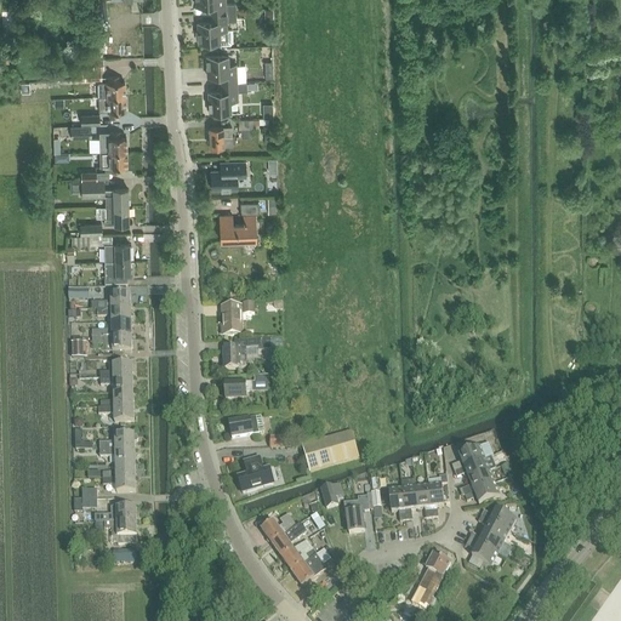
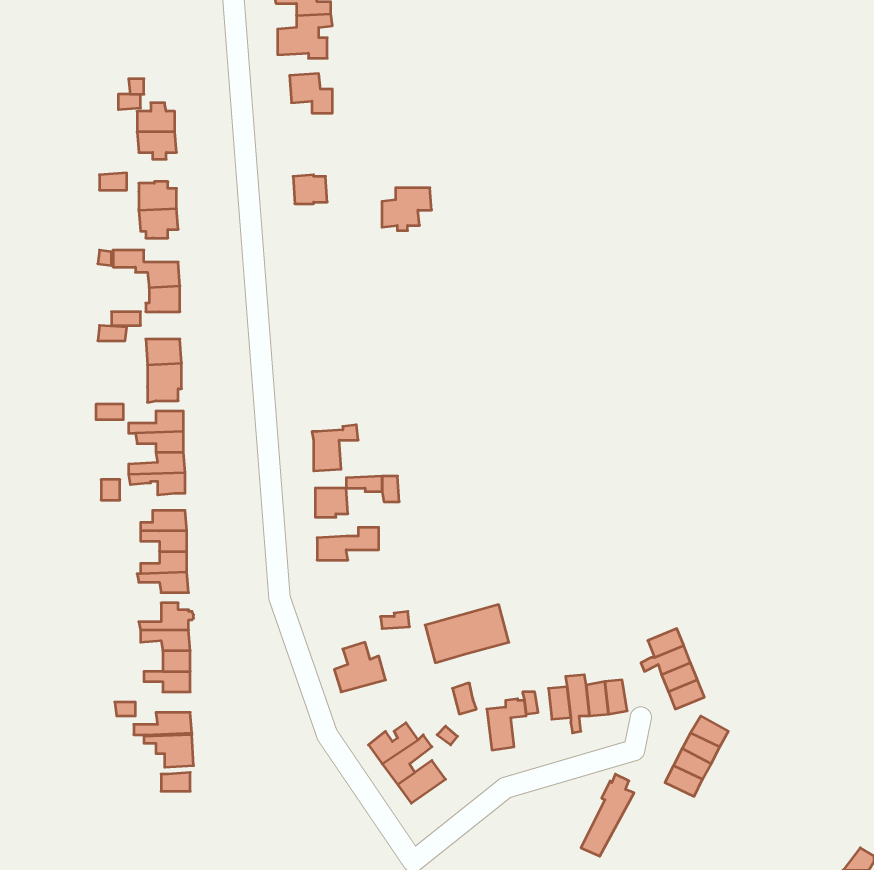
building: [206,78,245,109] -> none
building: [210,159,245,189] -> [382,188,432,231]
building: [218,200,257,243] -> none
building: [228,414,263,435] -> none
building: [291,552,325,583] -> none

